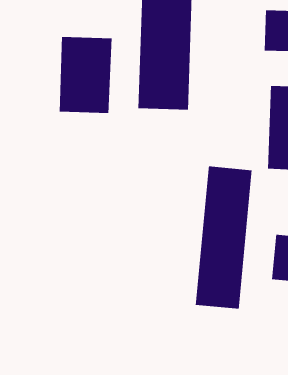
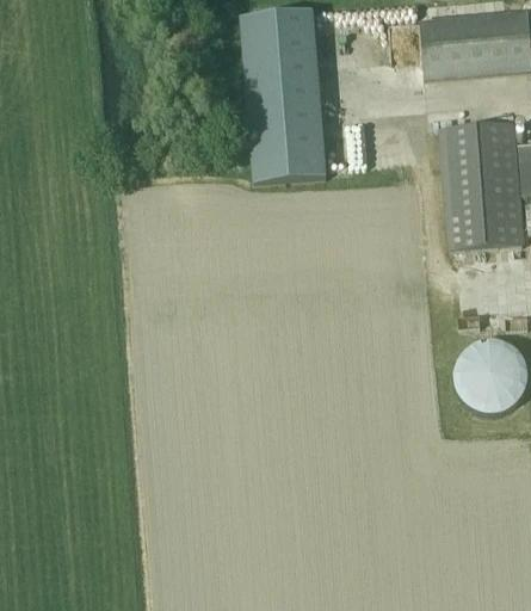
building: [59,36,112,114] -> none
building: [195,165,252,310] -> none

